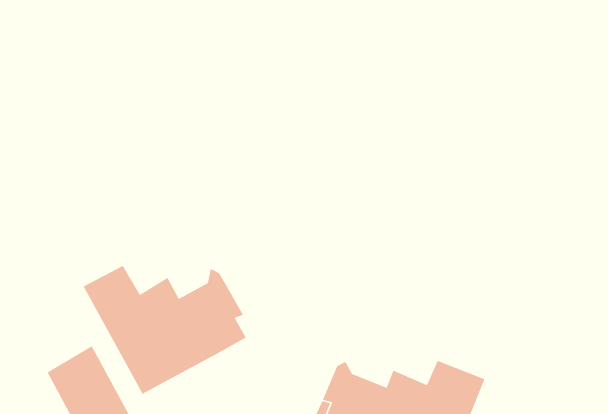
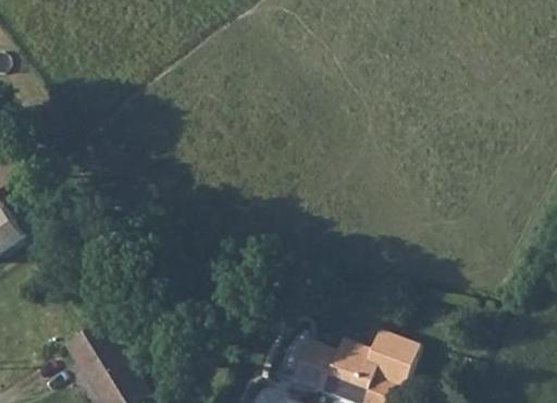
building: [82,265,247,395] -> none

